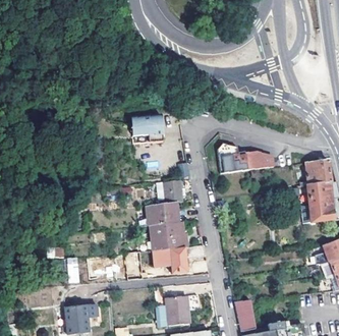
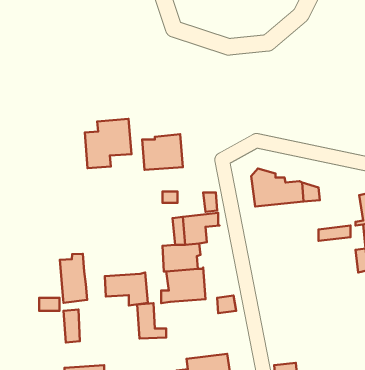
building: none -> [85,119,131,168]
building: none -> [60,254,87,303]
building: [153,246,187,273] -> [105,272,148,305]

